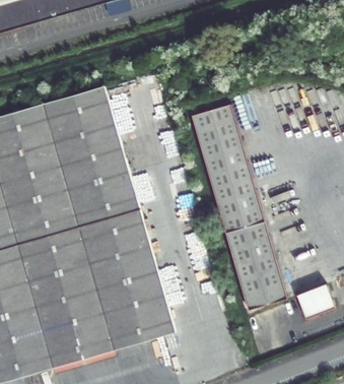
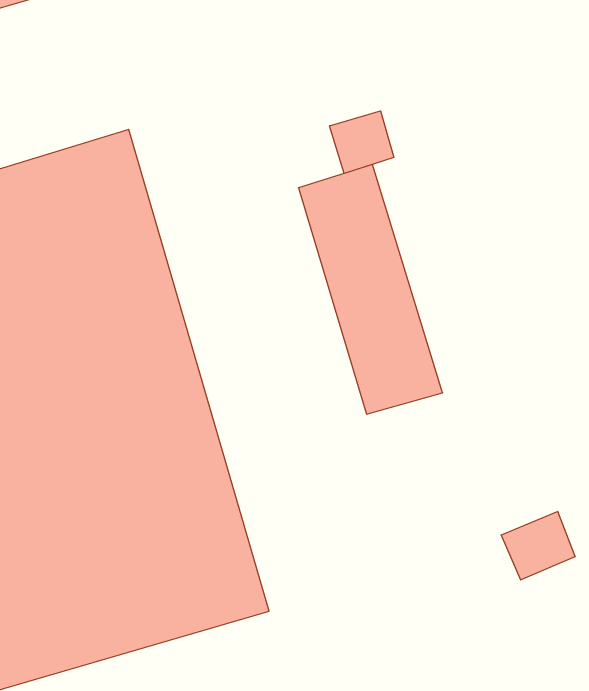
building: none -> [330,111,394,173]
building: [226,220,289,310] -> none

